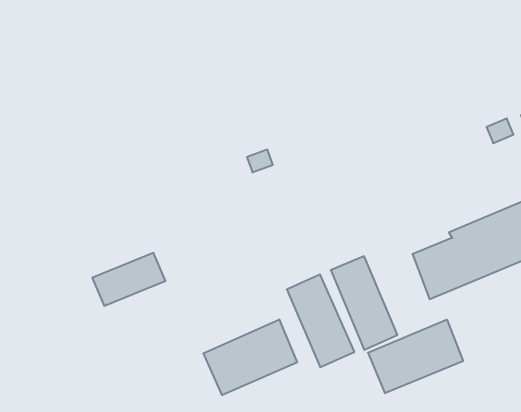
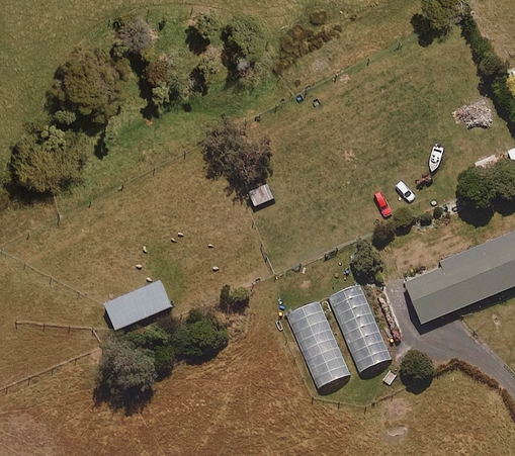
building: [204,319,297,395] -> none
building: [368,320,463,393] -> none

